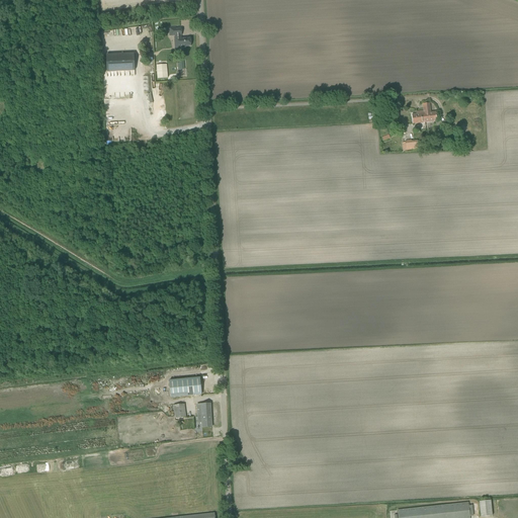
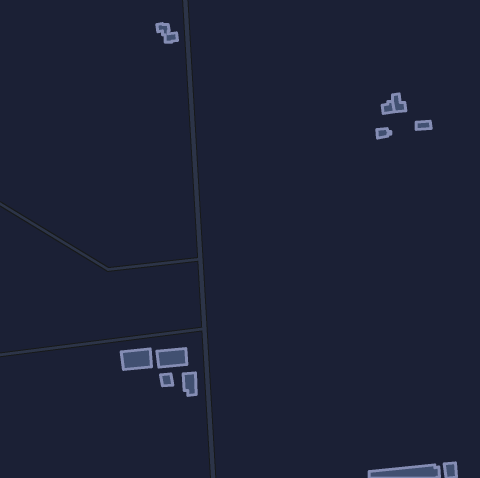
building: [106,52,135,71] -> none
building: none -> [121,349,152,370]

